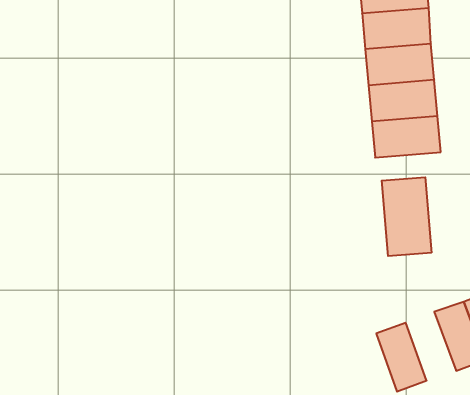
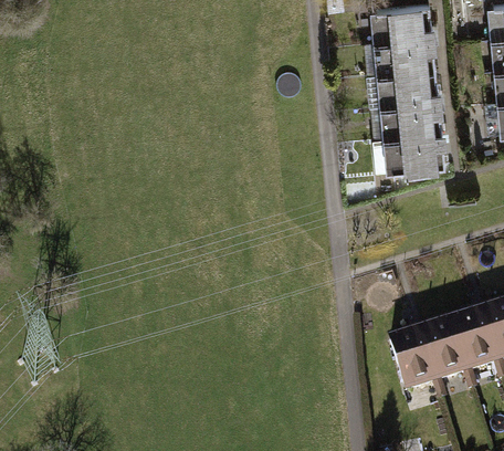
building: [382,177,431,256] -> none
building: none -> [418,323,469,392]

